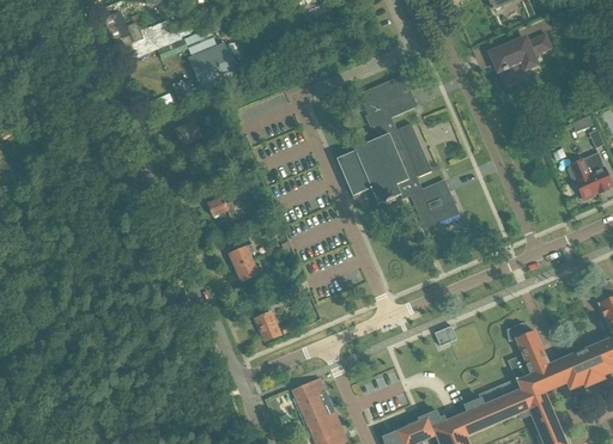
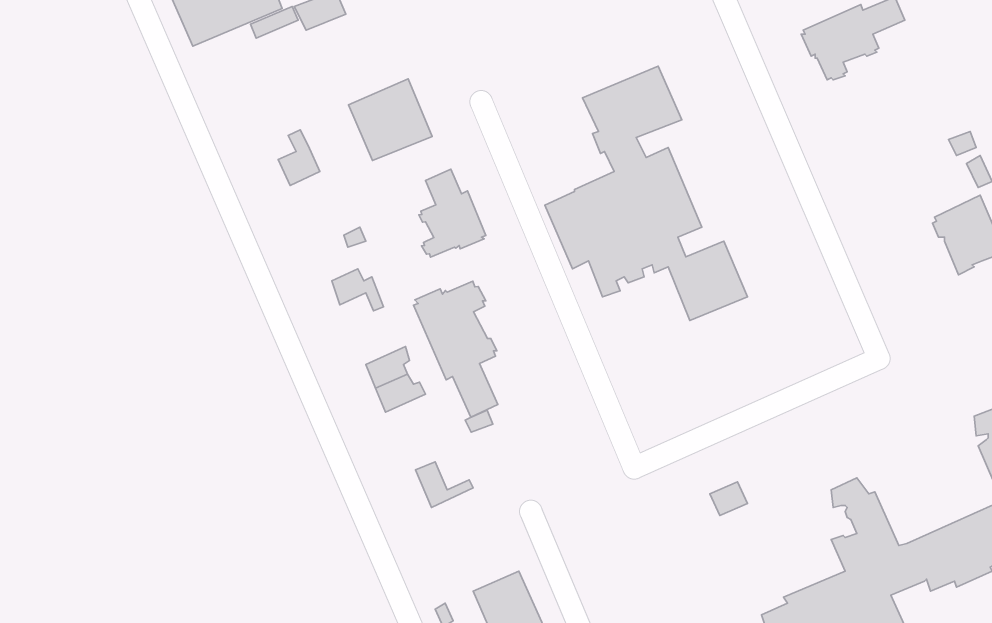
building: [189,42,239,91] -> [348,79,432,160]
building: none -> [419,169,486,257]
building: none -> [414,281,498,417]

